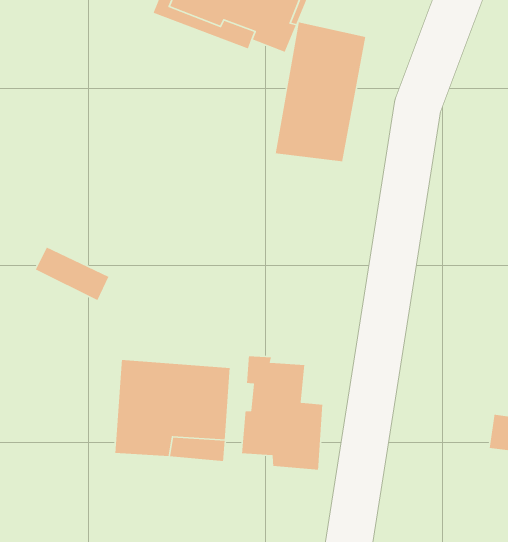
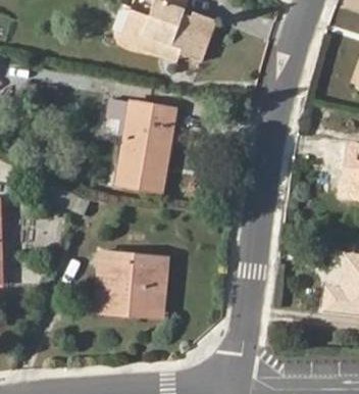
building: [275,21,366,162] -> [117,103,173,190]
building: [241,355,323,470] -> none

